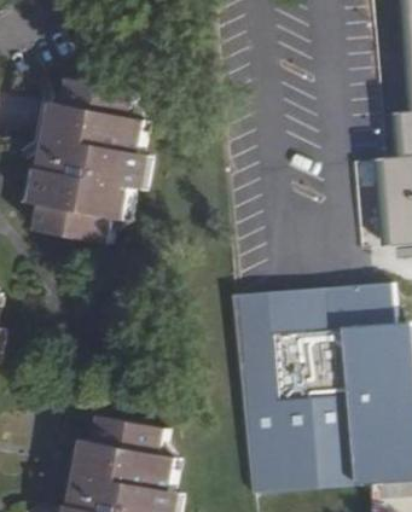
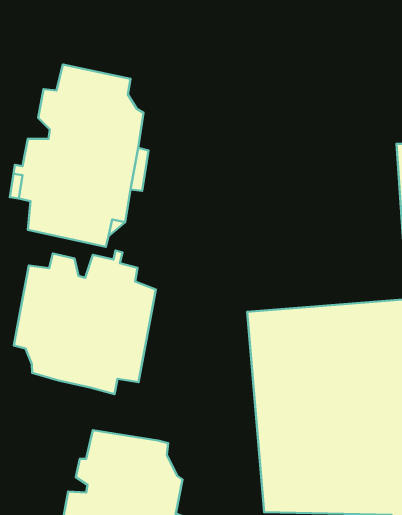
building: none -> [14,251,156,394]

